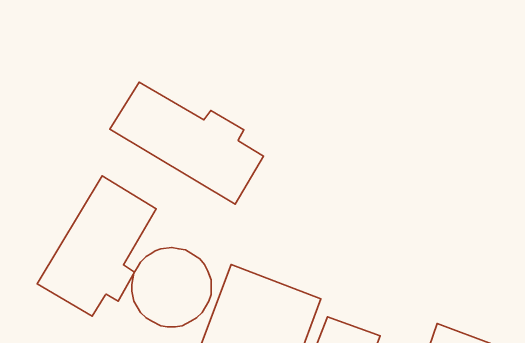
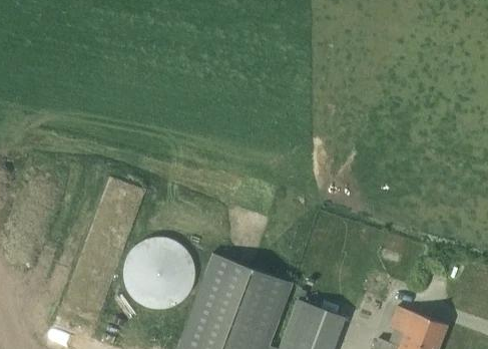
building: [110,82,264,204] -> none
building: [37,176,156,316] -> none

